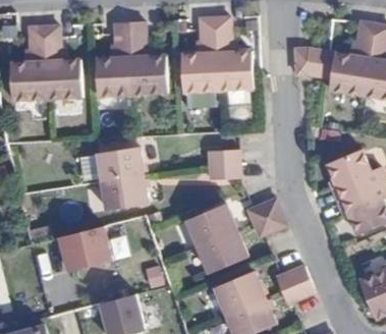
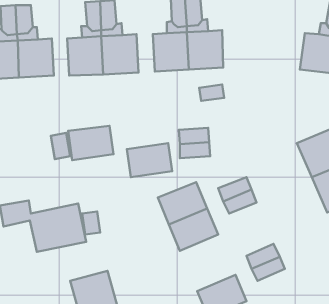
building: [291,46,324,78] -> none
building: [99,175,145,210] -> [127,143,172,177]
building: [214,271,264,314] -> none

